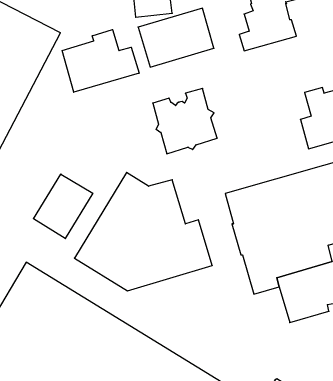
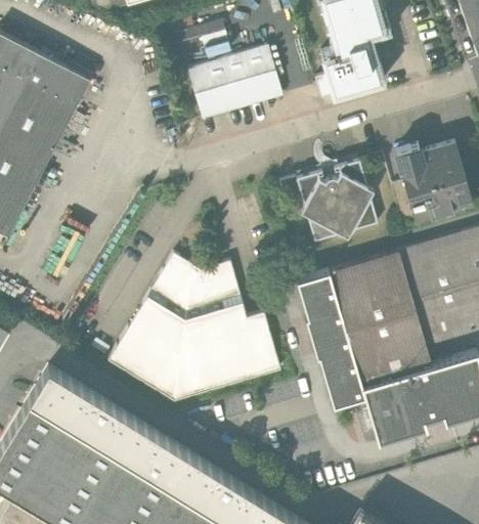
building: [62,30,139,92] -> none
building: [153,88,217,154] -> [297,161,378,243]
building: [33,174,93,239] -> none

